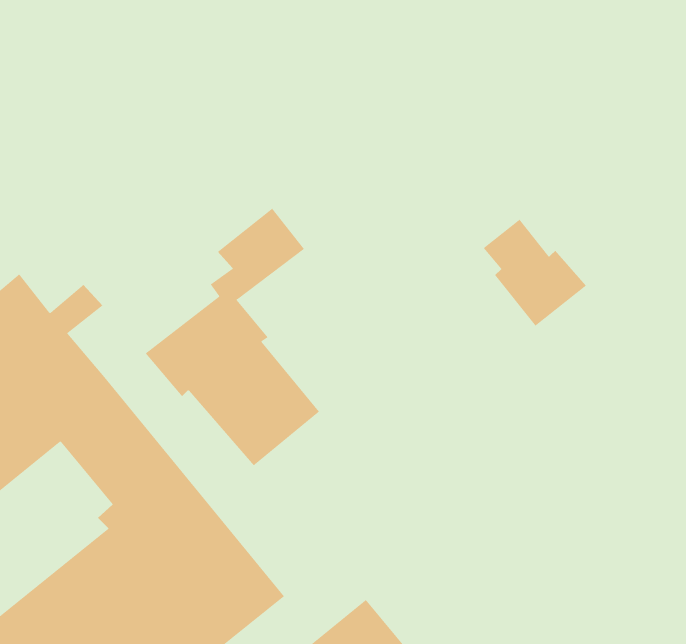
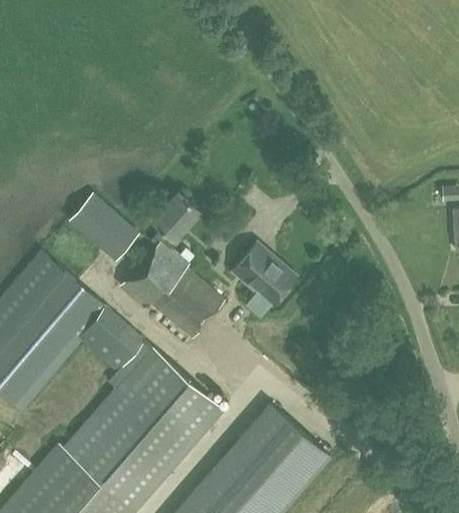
building: none -> [70,194,140,262]
building: [483,219,587,327] -> [235,247,297,307]

